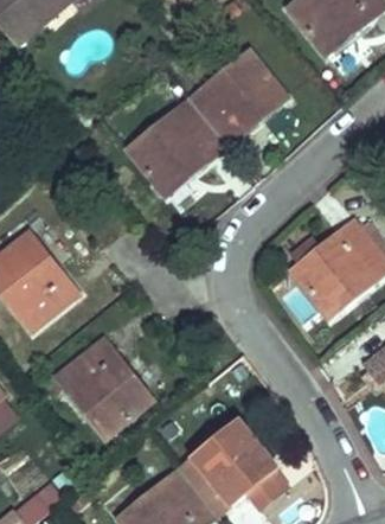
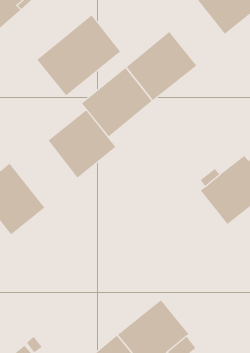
building: none -> [37,14,121,96]
building: none -> [48,110,116,179]
building: [56,338,153,437] -> none

